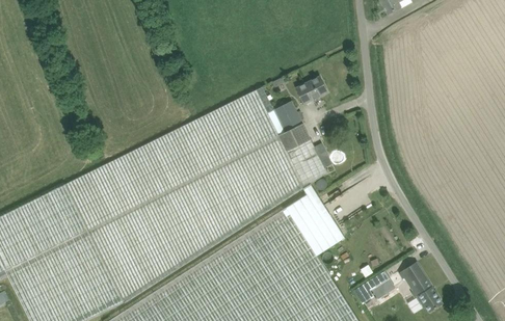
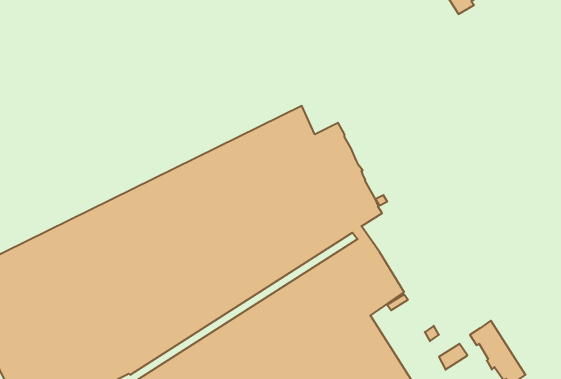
building: [296,74,327,102] -> none

